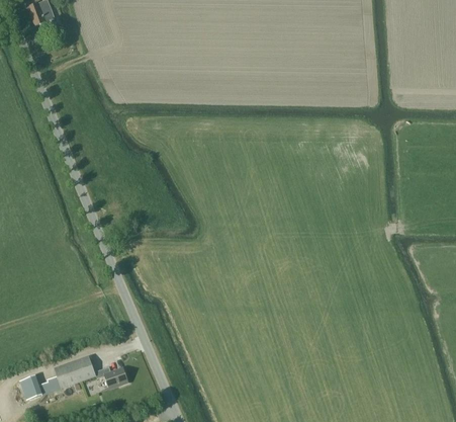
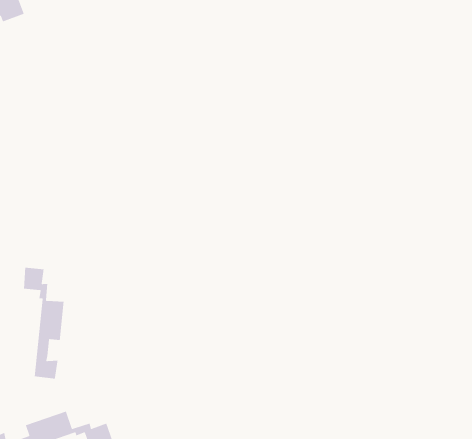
building: none -> [23,267,64,379]

